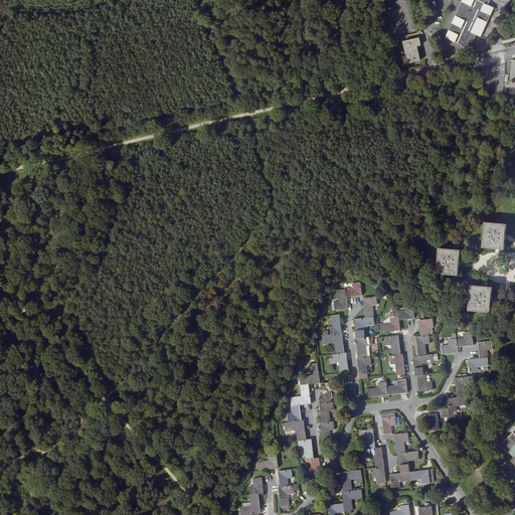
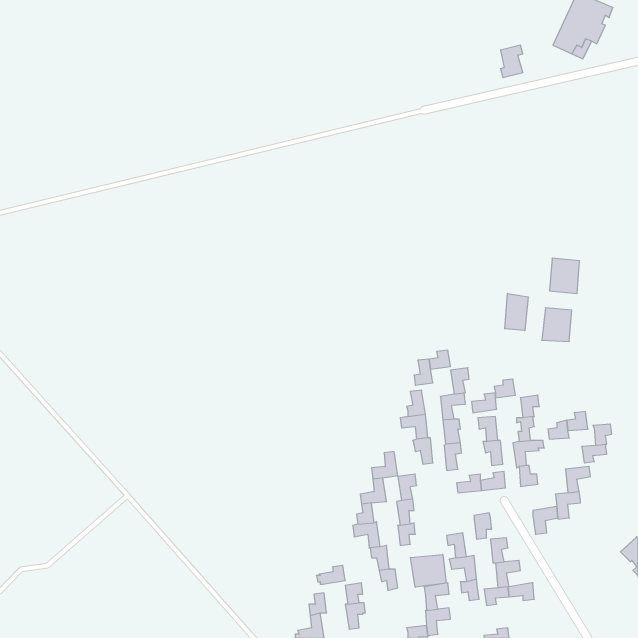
building: [482,221,506,249] -> [550,258,580,293]
building: none -> [505,293,528,331]
building: [468,285,492,312] -> none
building: none -> [410,554,446,587]

